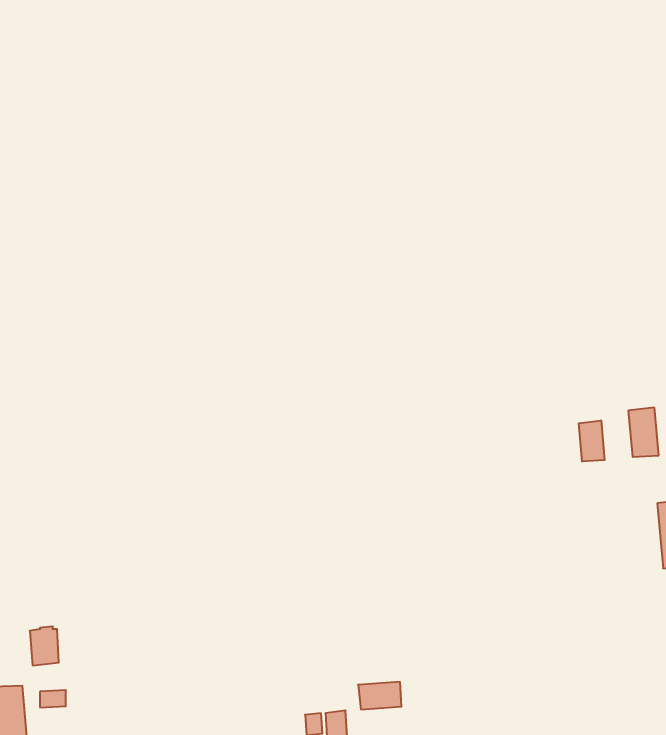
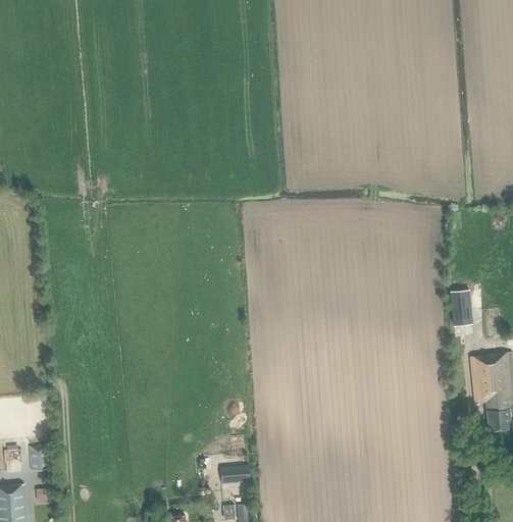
building: [579,420,605,462] -> none
building: [358,682,402,709] -> [219,465,250,484]

